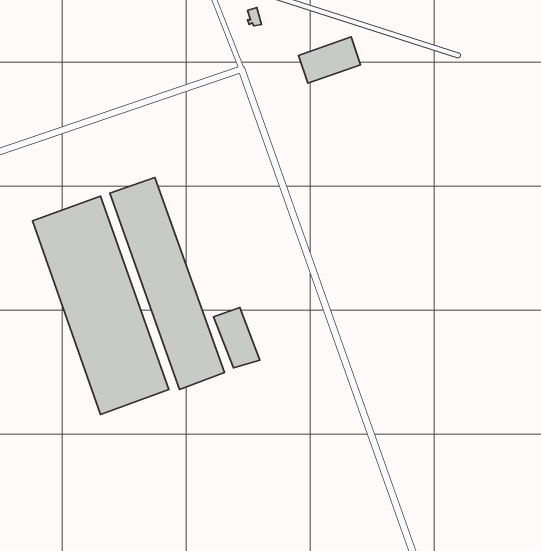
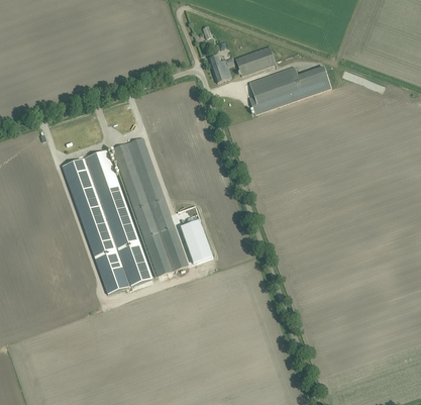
building: none -> [208,56,234,83]
building: none -> [248,67,331,115]

